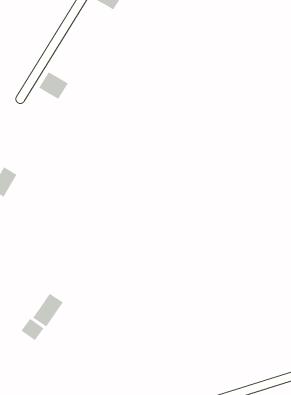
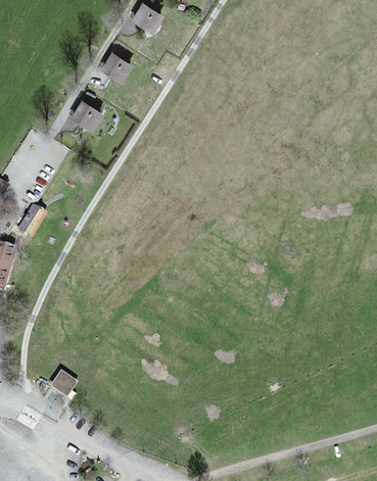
building: none -> [99,50,133,82]
building: [32,293,64,327] -> none

